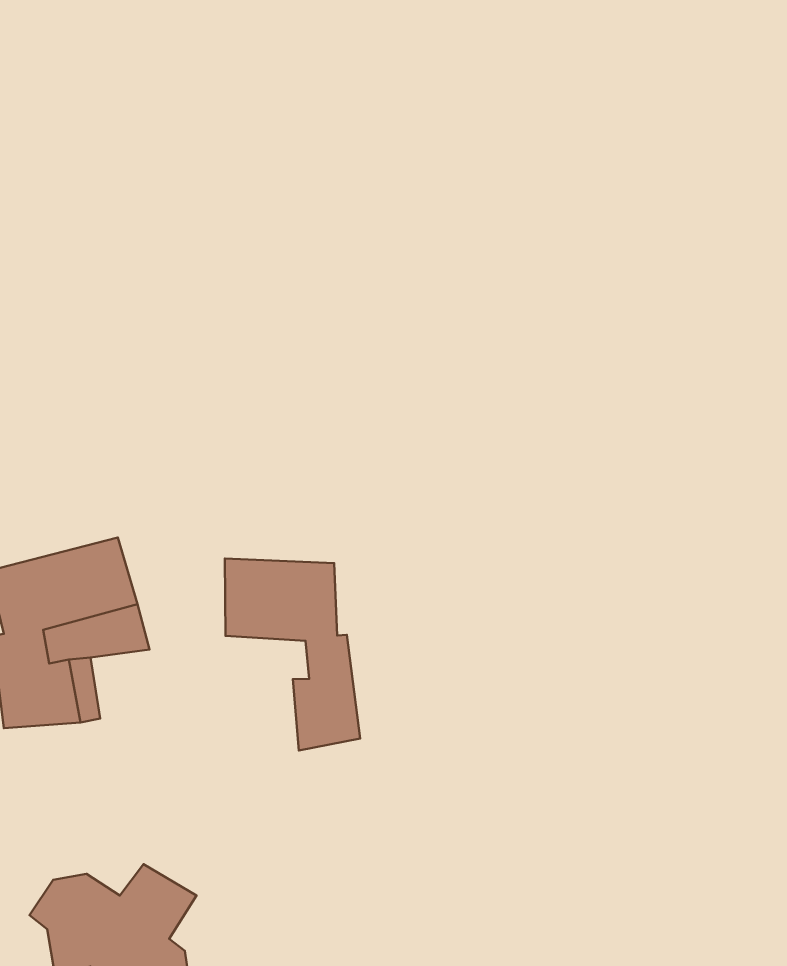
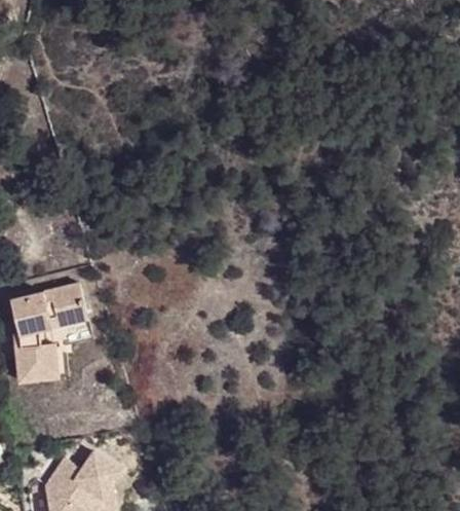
building: [225,558,360,751] -> none

